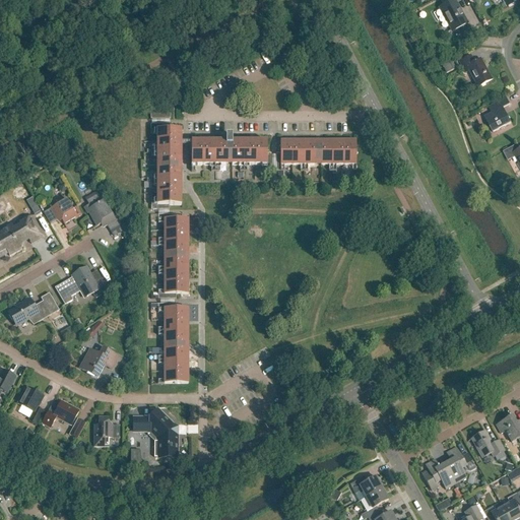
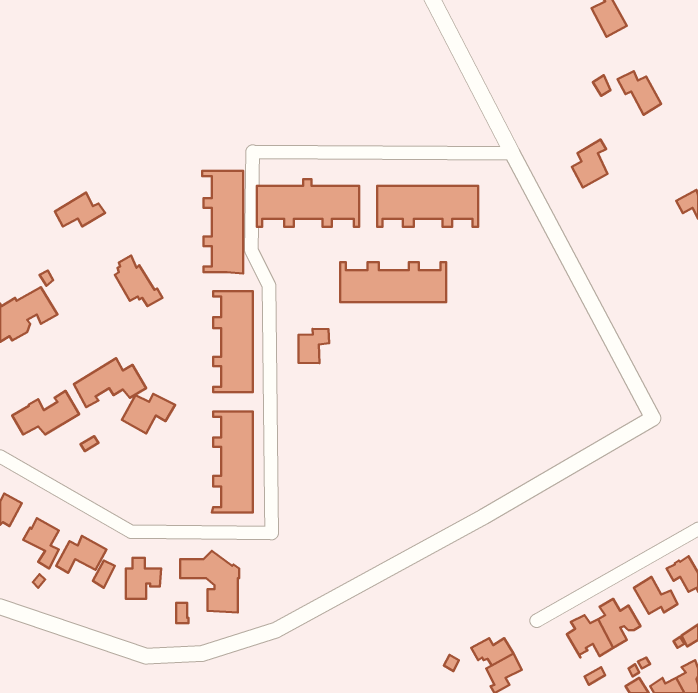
building: [484,94,511,130] -> [572,140,607,187]
building: none -> [340,262,446,302]
building: [44,196,81,221] -> [55,192,105,227]
building: none -> [299,329,329,363]
building: [79,346,119,376] -> [122,394,175,433]

